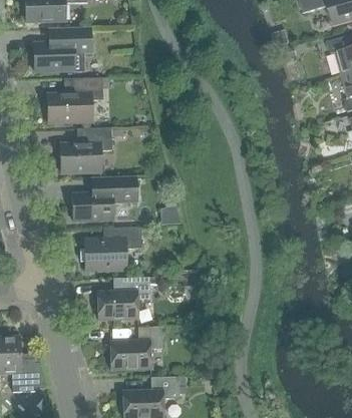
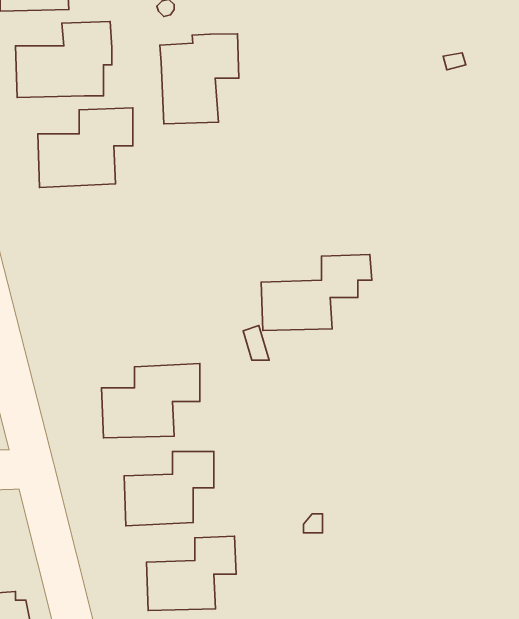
building: none -> [160,34,239,124]
building: [60,128,111,173] -> none
building: [72,177,136,222] -> [261,254,372,330]

